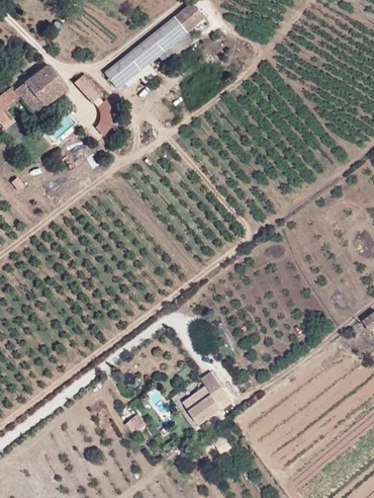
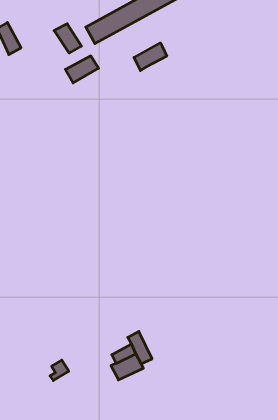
building: [23,64,67,105] -> none
building: none -> [134,43,167,71]

